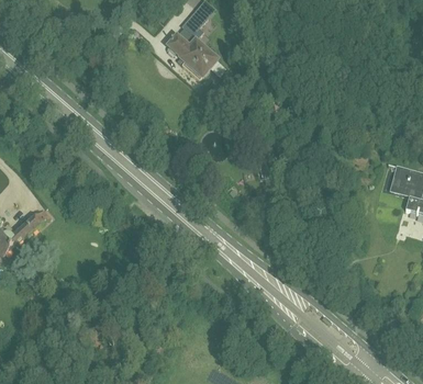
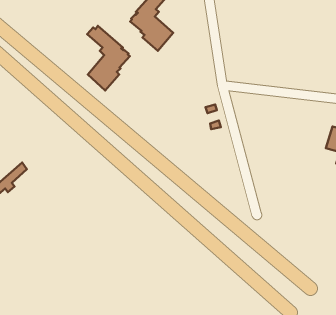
building: none -> [87,26,130,90]

